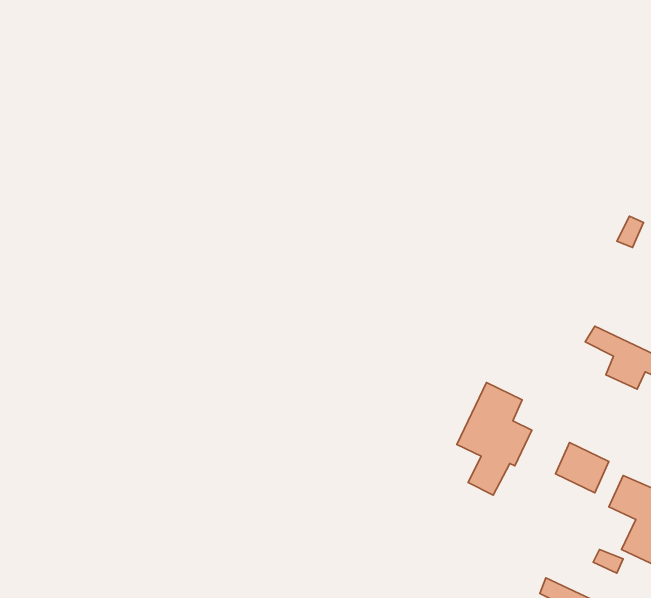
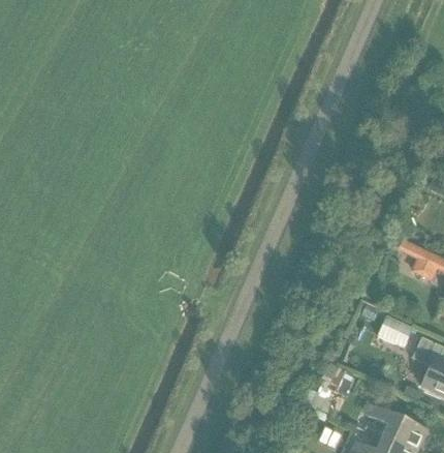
building: [457,382,532,495] -> none

